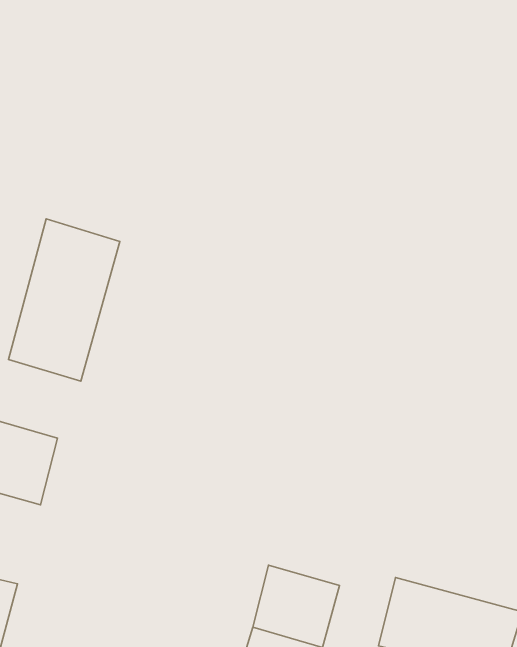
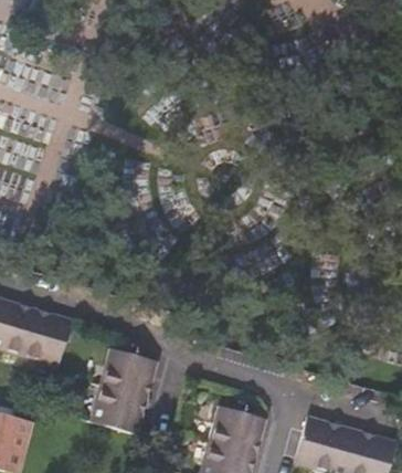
building: [9,219,120,381] -> none
building: none -> [88,347,155,433]

